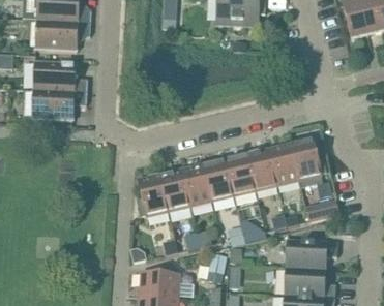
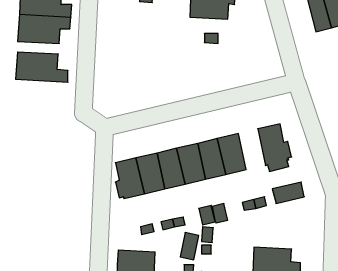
building: [29,90,86,121] -> none
building: [268,143,297,186] -> none
building: [285,240,337,271] -> none

